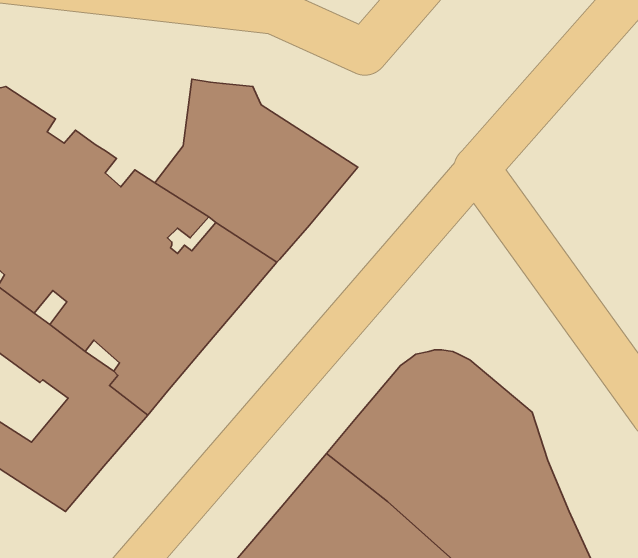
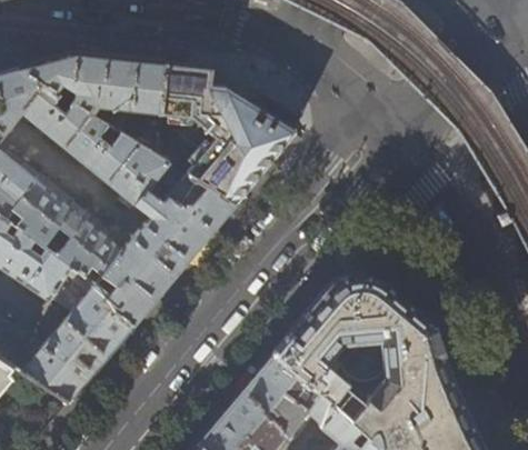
building: none -> [19,57,165,147]

